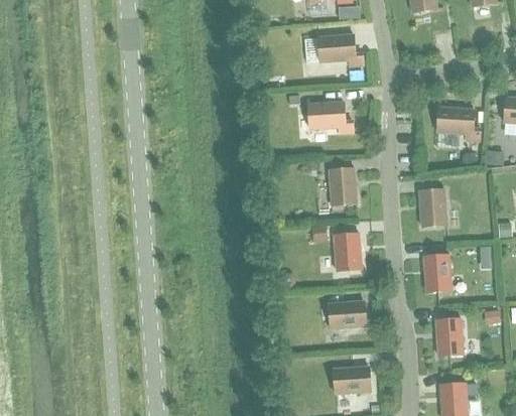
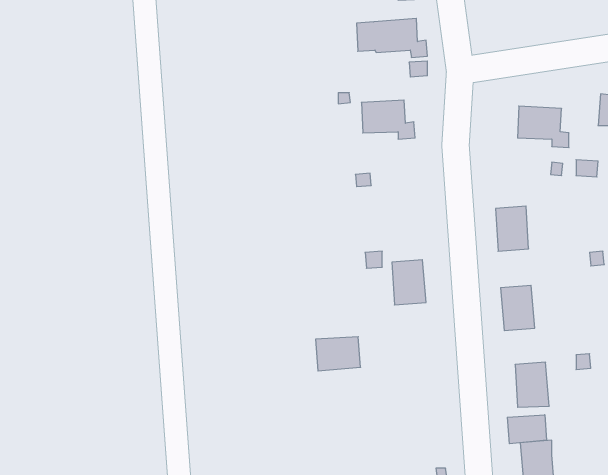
building: [329,167,357,204] -> none
building: [329,300,366,328] -> [316,337,361,371]
building: none -> [507,415,547,444]
building: [334,366,370,393] -> none

